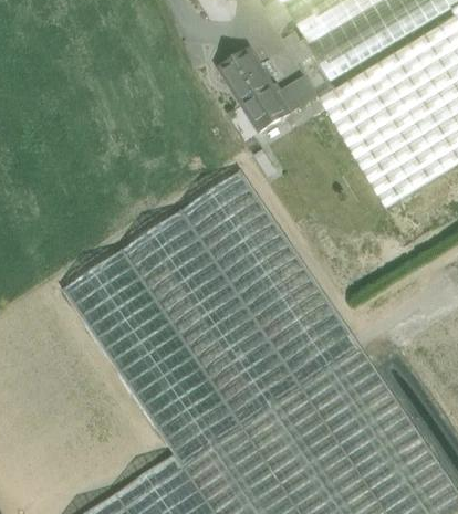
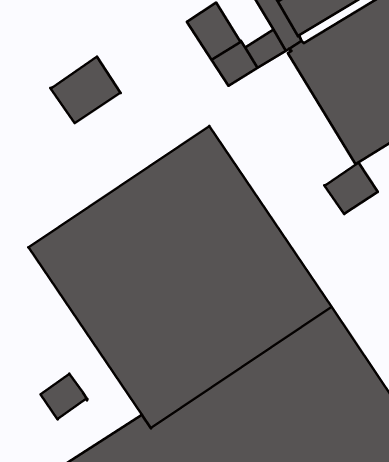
building: none -> [50,57,121,123]
building: none -> [324,162,378,214]
building: none -> [41,374,87,419]

